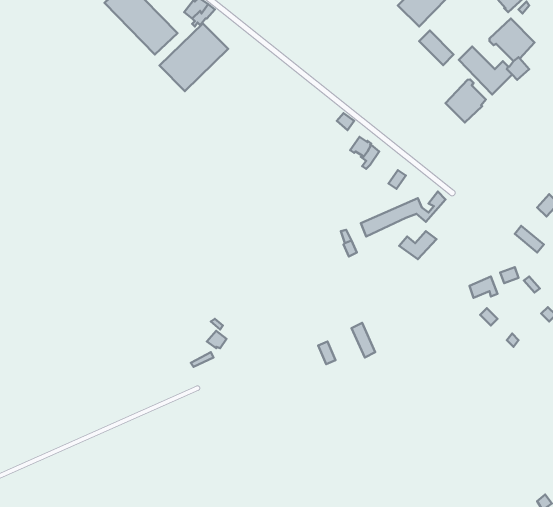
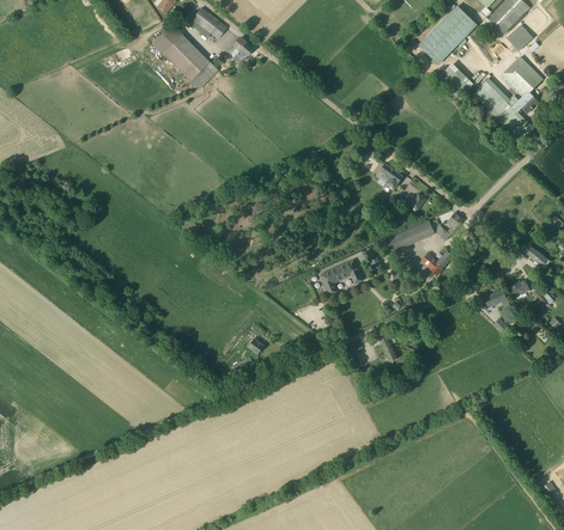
building: [160,24,228,91] -> none
building: [445,79,486,123] -> none
building: none -> [320,260,362,294]

